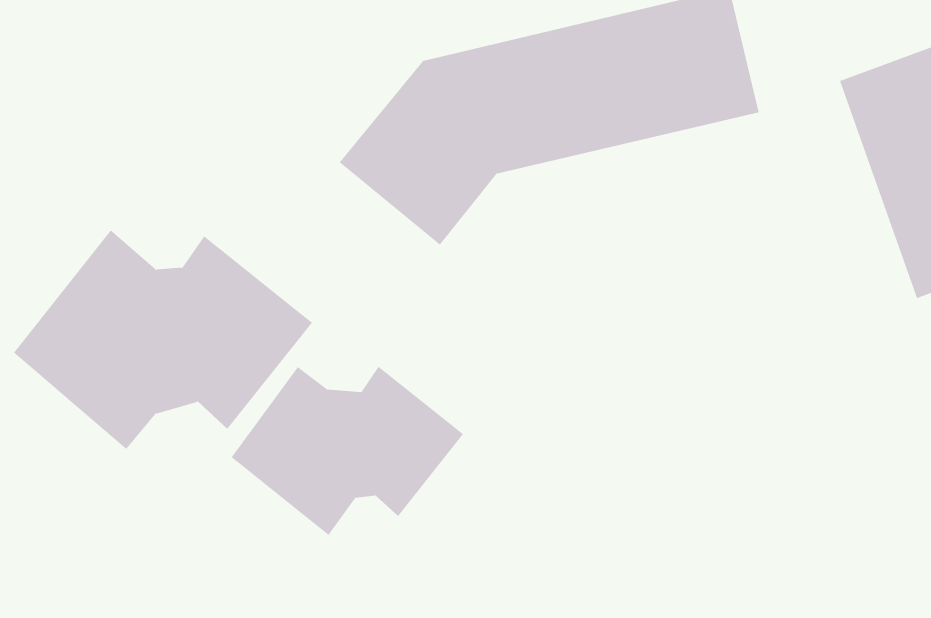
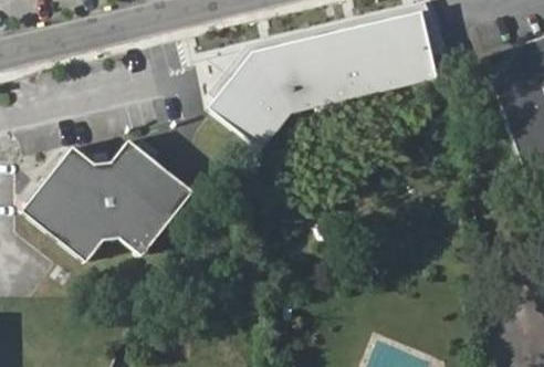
building: [231,366,464,536] -> none

